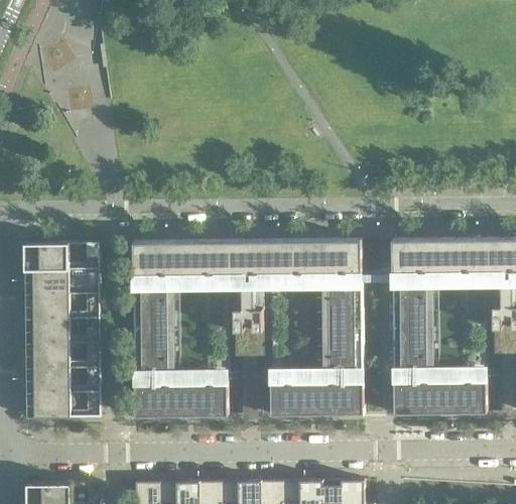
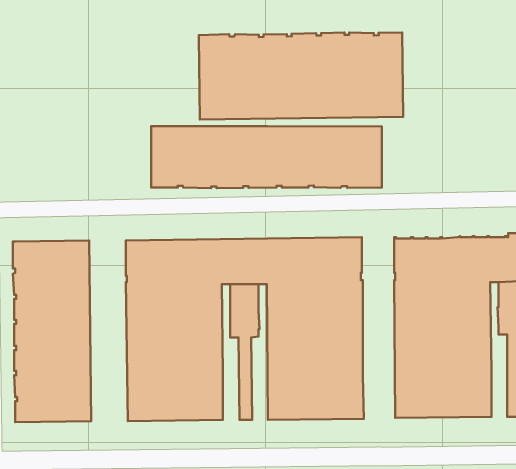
building: none -> [199,32,403,119]
building: none -> [151,126,382,188]

